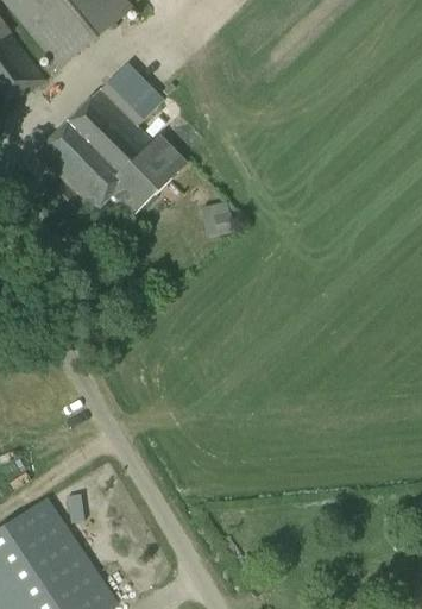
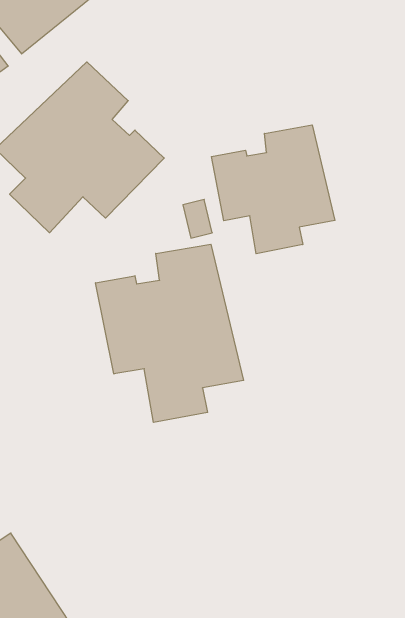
building: none -> [211,125,335,254]
building: none -> [96,244,244,422]

